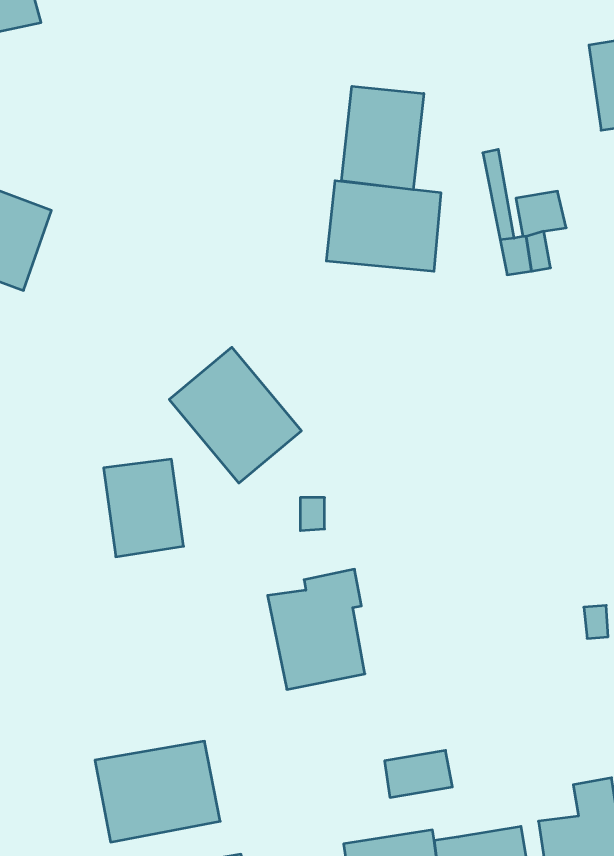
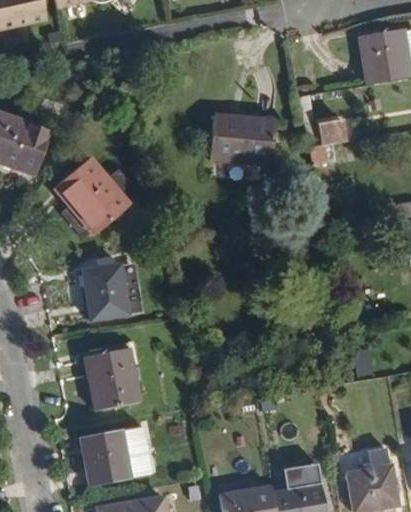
building: [341,86,424,190] -> none
building: [169,347,301,483] -> [50,160,126,238]
building: [268,569,365,689] -> [83,343,139,412]
building: [385,750,452,797] -> [284,460,323,487]

